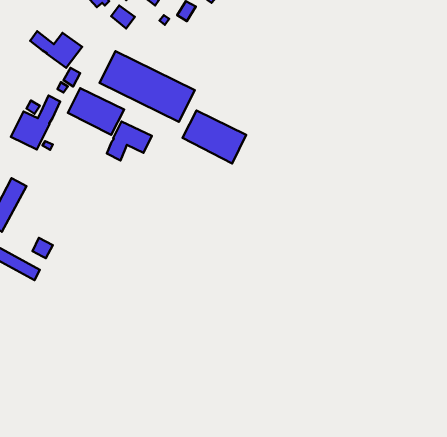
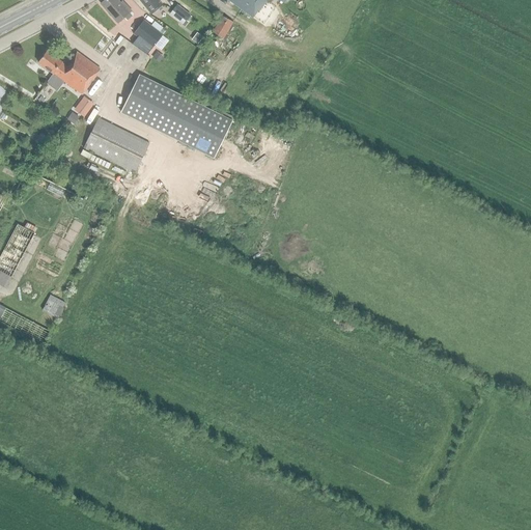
building: [11,95,60,150] -> none
building: [183,110,246,164] -> none
building: [107,121,152,160] -> none

